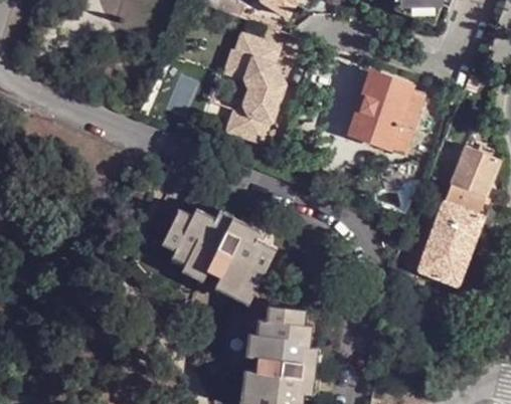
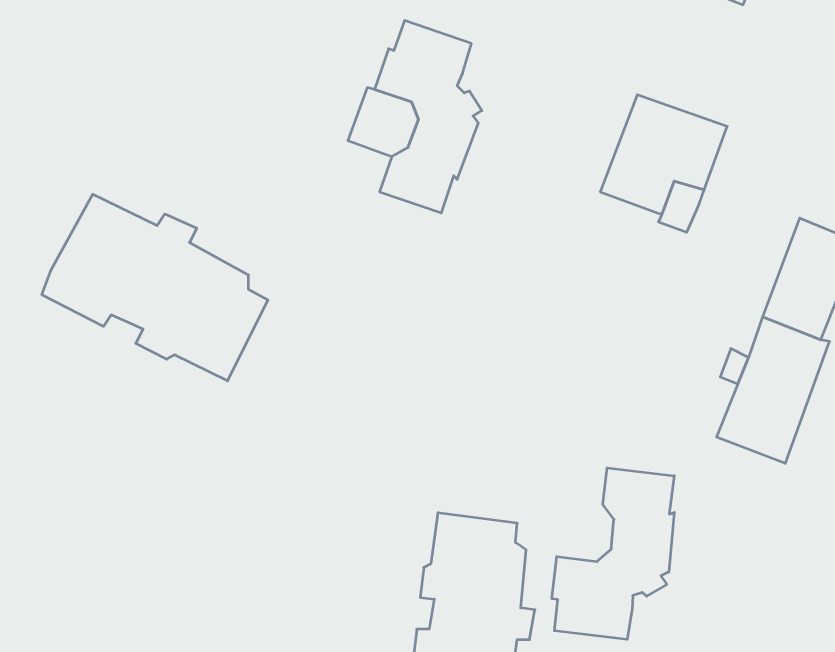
building: none -> [42,194,268,381]
building: [158,211,272,298] -> none
building: none -> [552,468,674,639]

